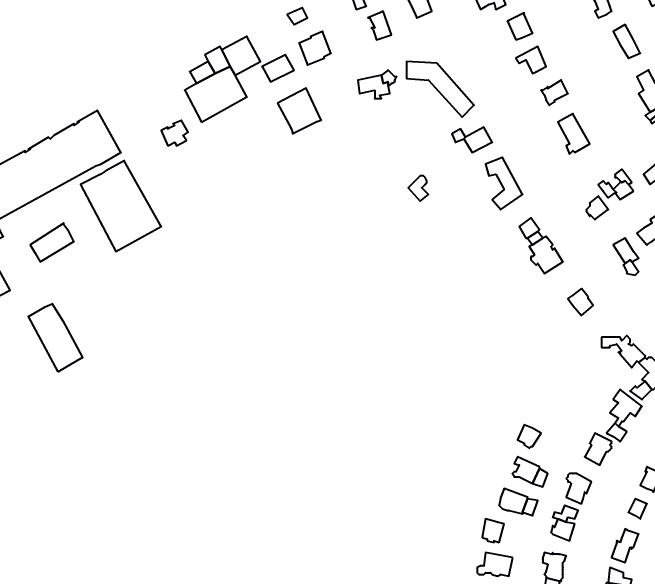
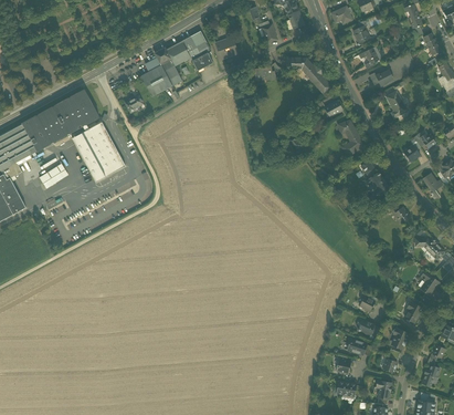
building: [278,88,321,134] -> [182,30,211,60]
building: [28,304,83,372] -> none

